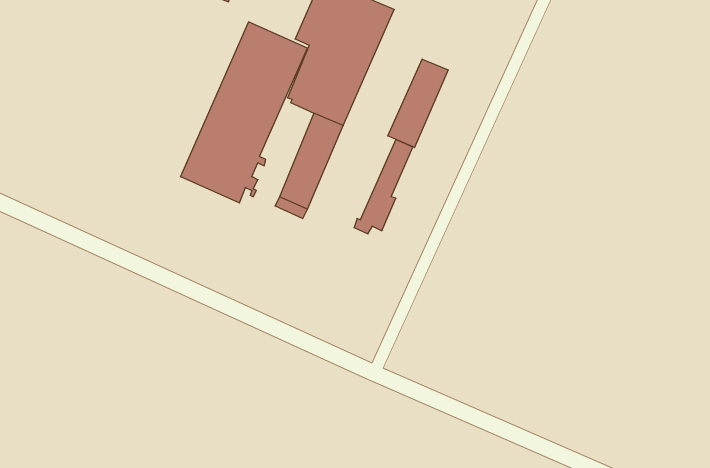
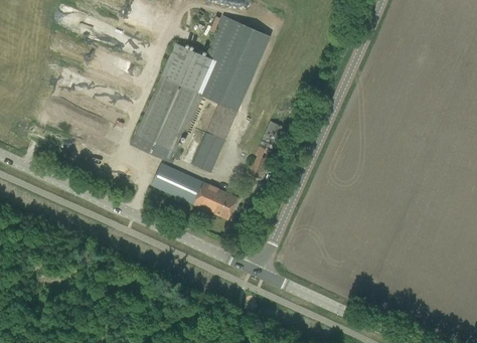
building: [388,59,448,148] -> none
building: none -> [151,163,237,219]

